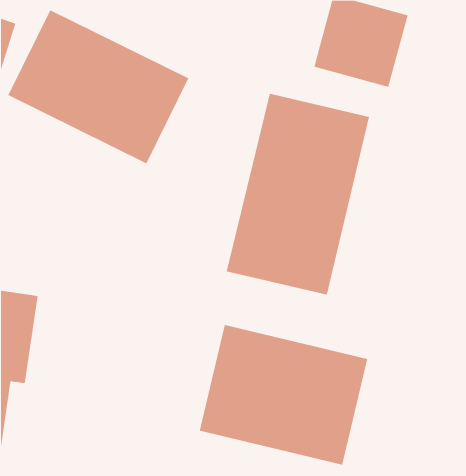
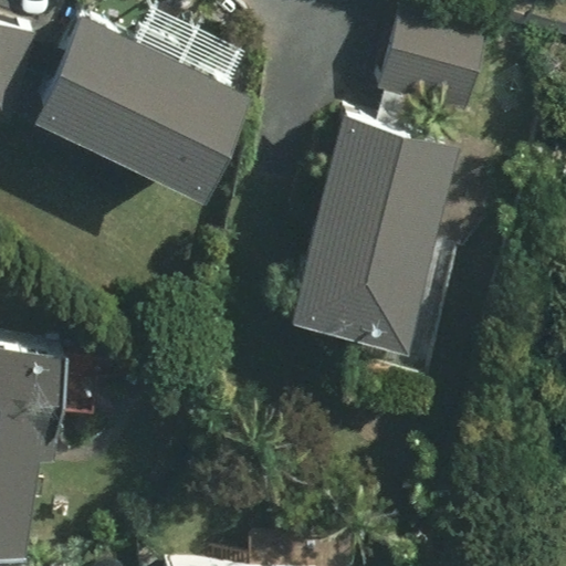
building: [199,324,368,465] -> none

